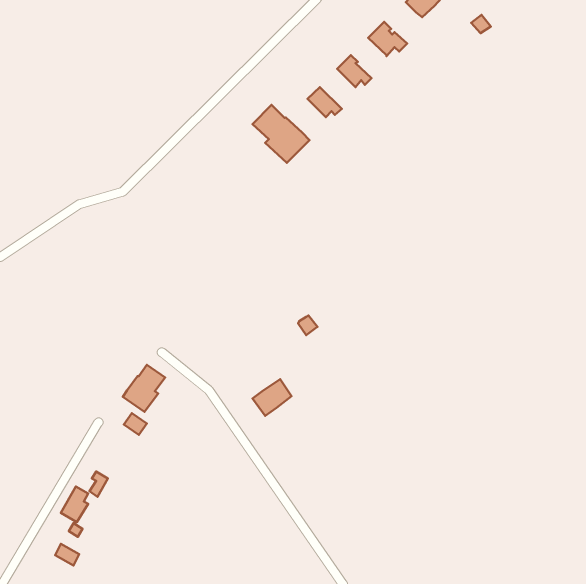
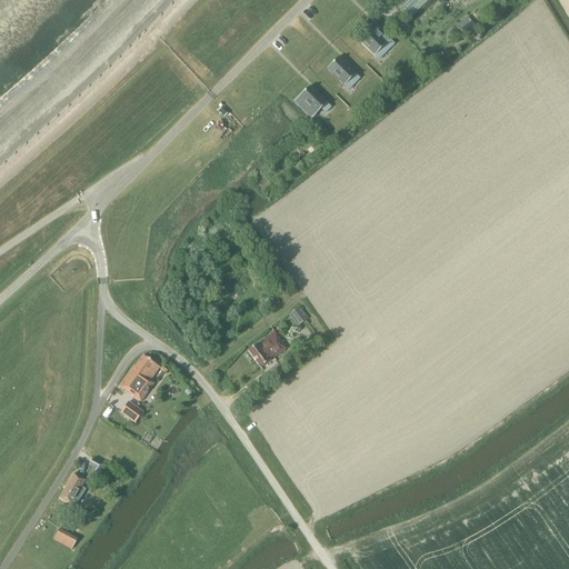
building: [252,105,310,163] -> none
building: [253,379,292,416] -> [248,330,286,366]

